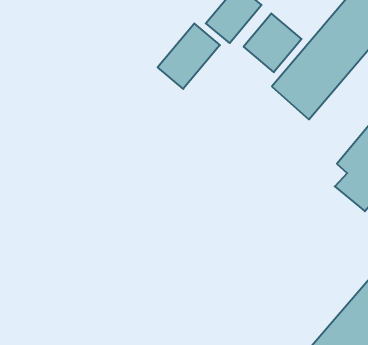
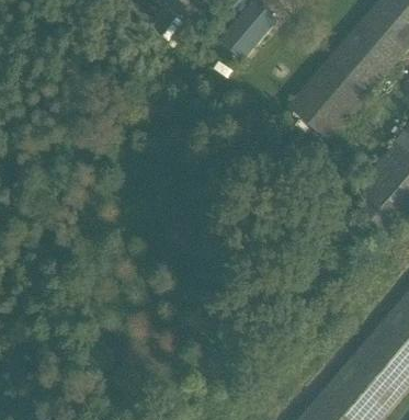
building: [244,13,302,72] -> none
building: [158,23,220,89] -> none

